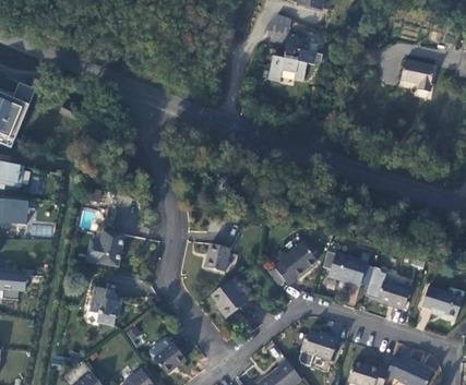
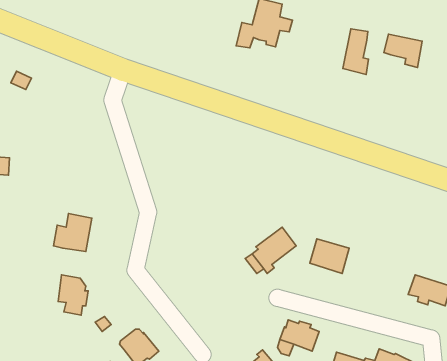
building: none -> [343,29,368,74]
building: [204,243,229,272] -> none
building: [367,266,413,309] -> none
building: [211,280,247,318] -> none

